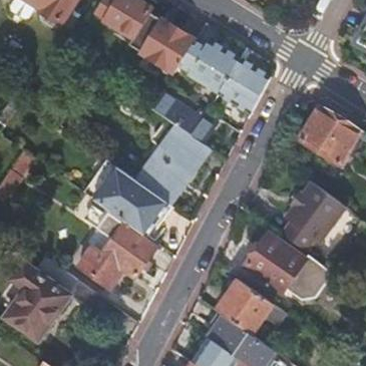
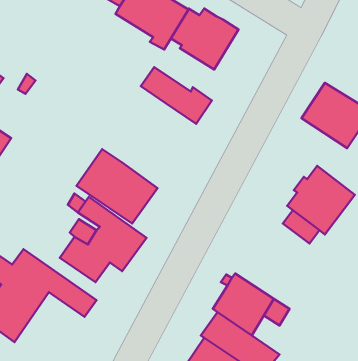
building: [218,58,269,113] -> none
building: [134,124,208,203] -> none
building: [243,232,332,299] -> none

